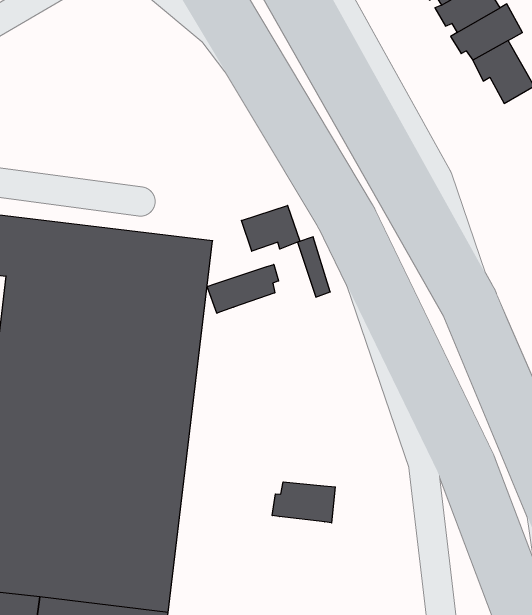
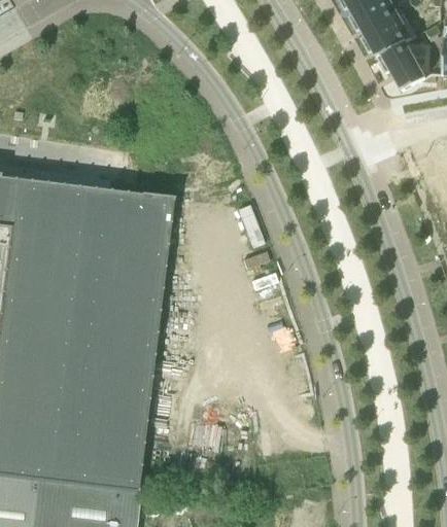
building: [241,205,300,251] -> none
building: [207,264,279,313] -> none
building: [272,482,335,523] -> none

